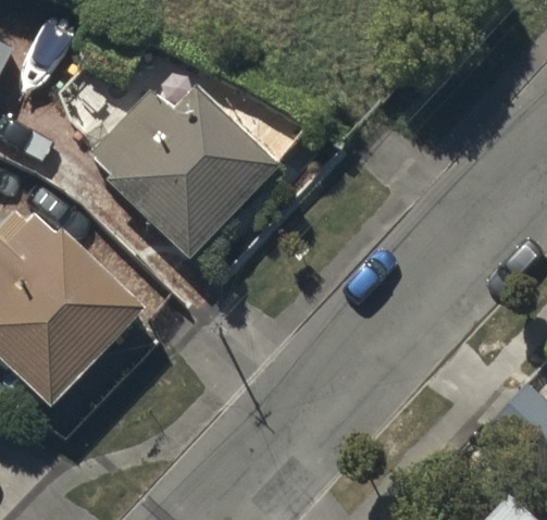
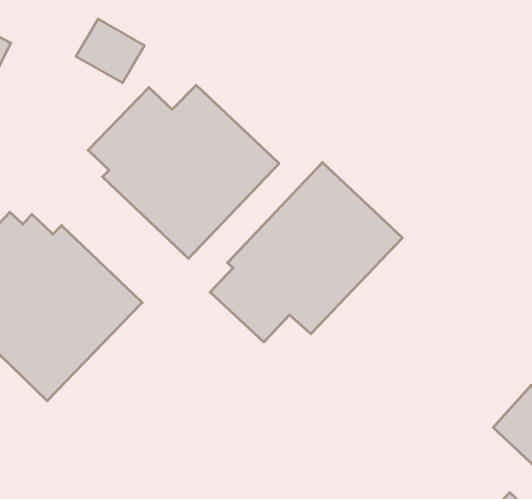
building: none -> [210,162,402,342]

